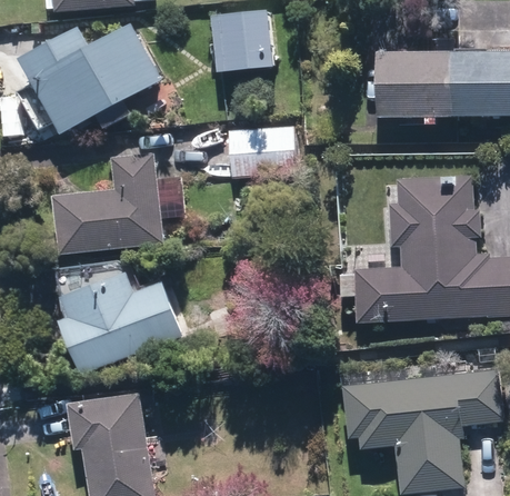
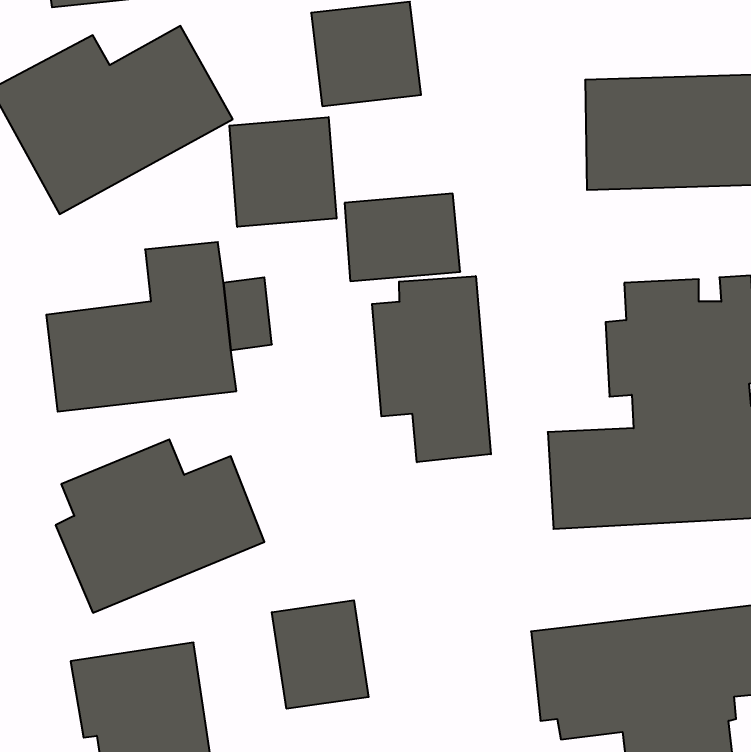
building: none -> [229,117,336,227]
building: none -> [372,276,491,462]
building: none -> [272,600,369,709]

